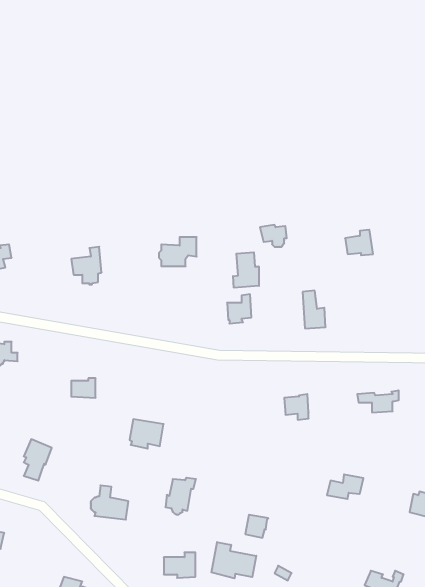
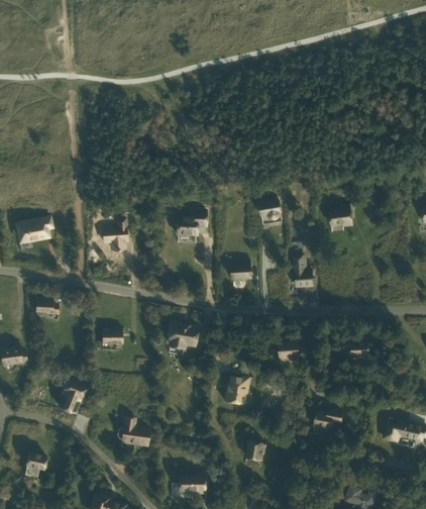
building: [233,252,259,288] -> none
building: [130,419,164,449] -> [168,325,196,349]
building: [165,478,196,514] -> [223,378,248,408]
building: [211,542,256,578] -> none

